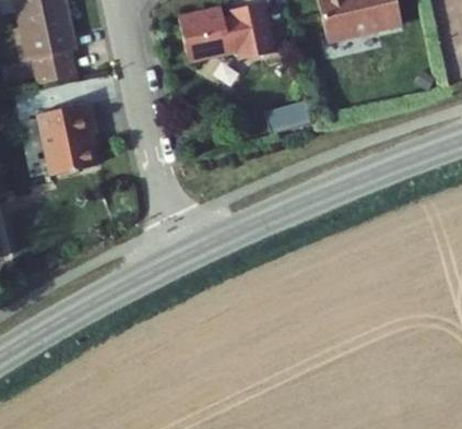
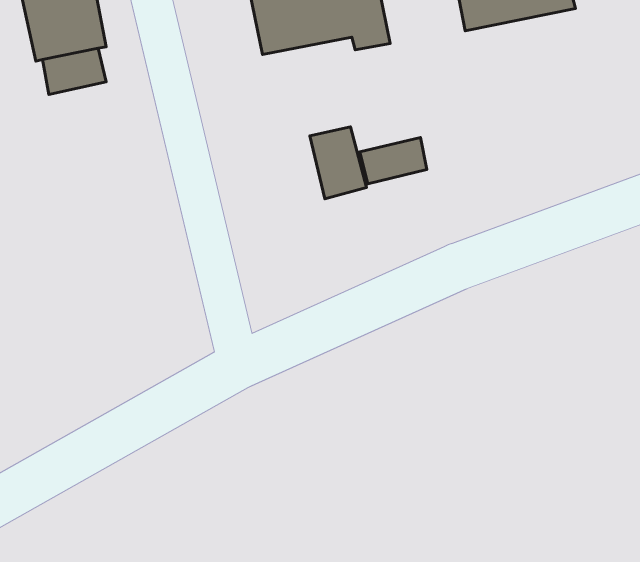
building: none -> [310,127,366,199]
building: [38,103,98,176] -> none

